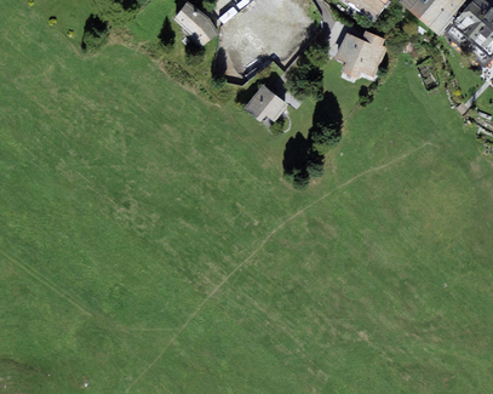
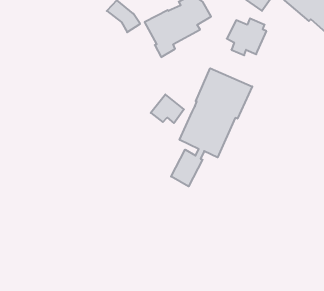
building: [240,81,283,119] -> [151,94,184,123]
building: none -> [171,68,252,186]

